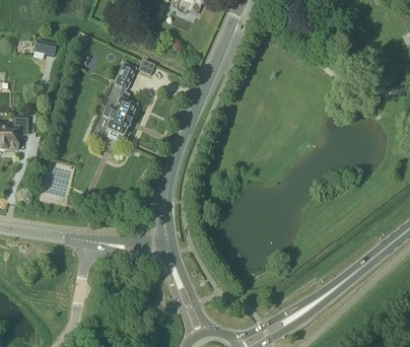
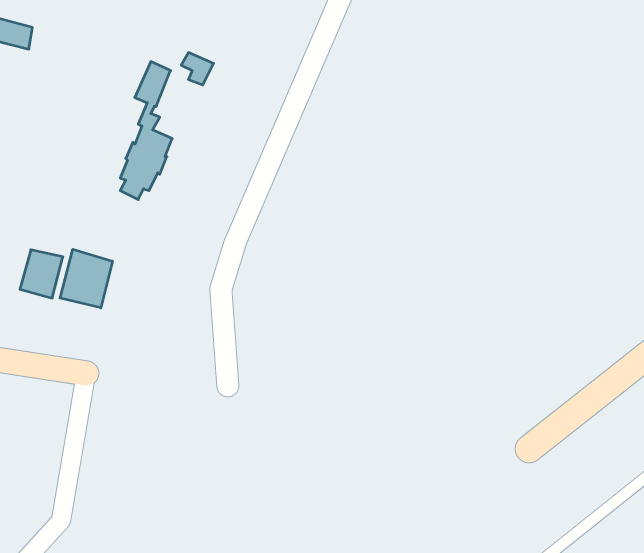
building: none -> [60,249,112,308]

